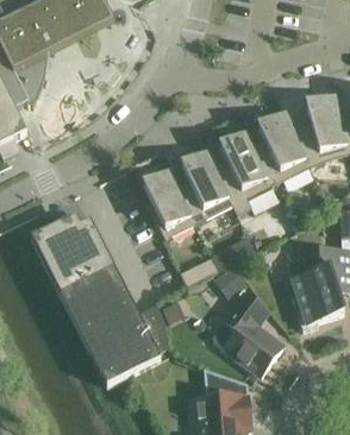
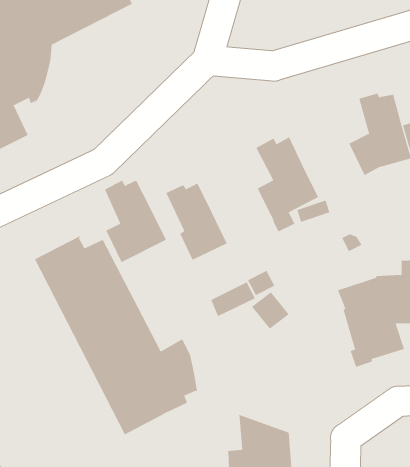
building: [255,112,308,182] -> none
building: [179,151,231,221] -> [104,180,166,263]
building: [221,289,282,372] -> none

